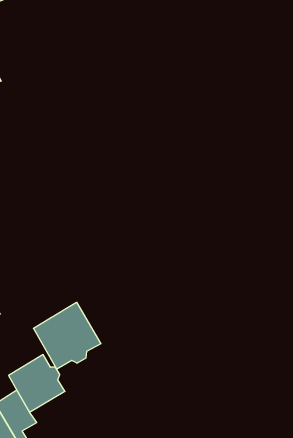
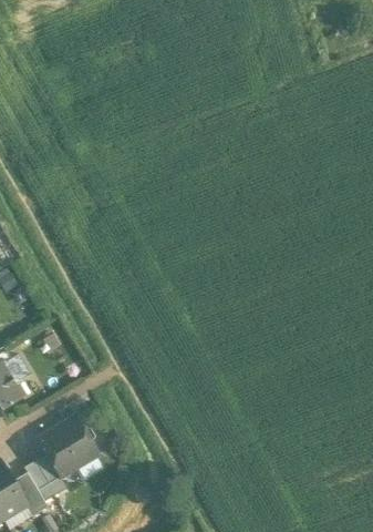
building: [33,302,101,369] -> none

